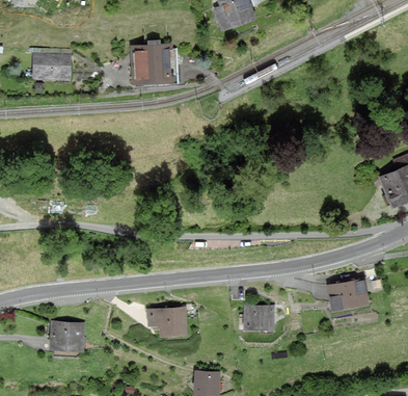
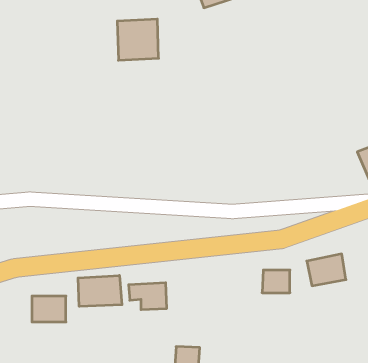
building: [35,51,72,77] -> none
building: none -> [78,275,122,306]
building: [244,307,272,329] -> [262,270,290,293]

